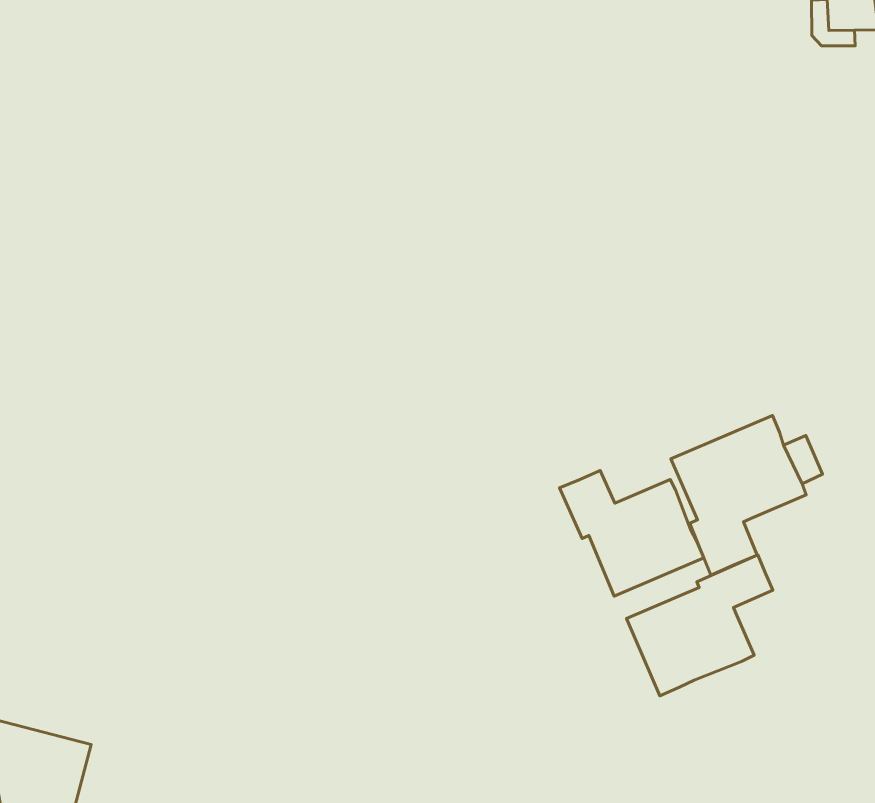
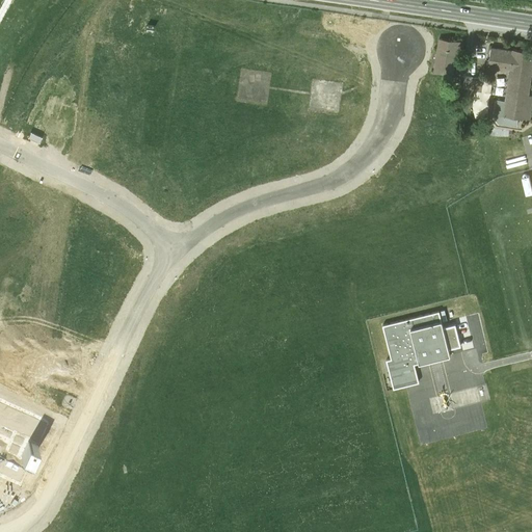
building: [559,471,704,596] -> none
building: [626,555,773,696] -> none

